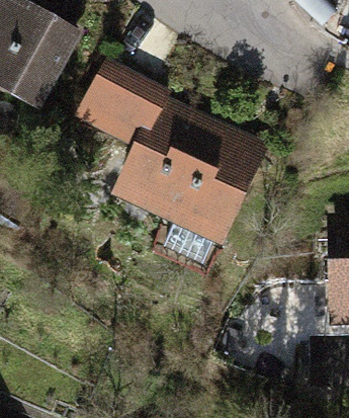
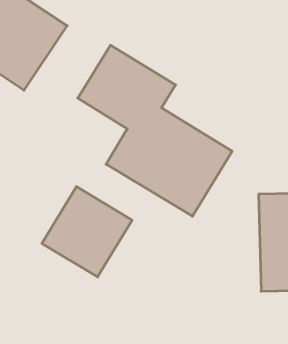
building: none -> [42,187,132,277]

